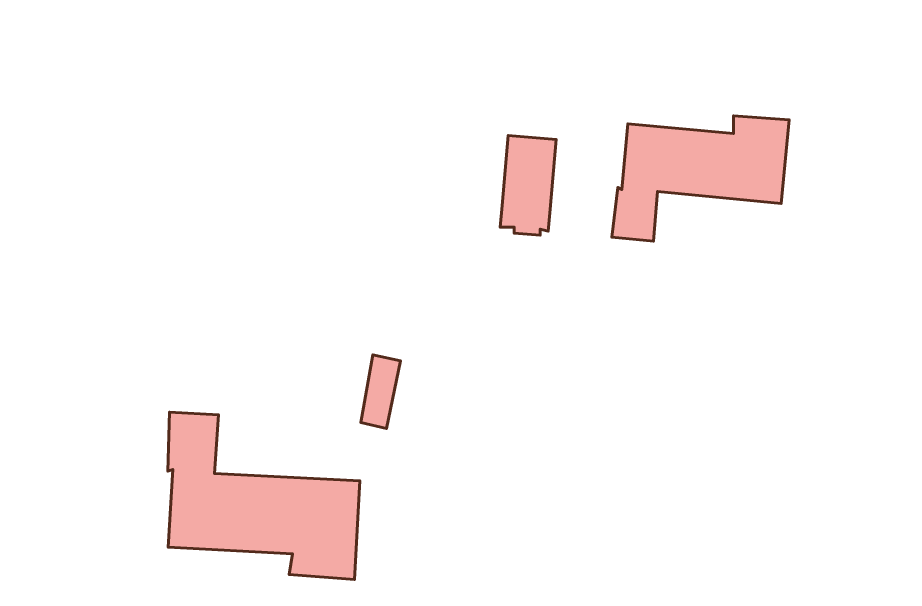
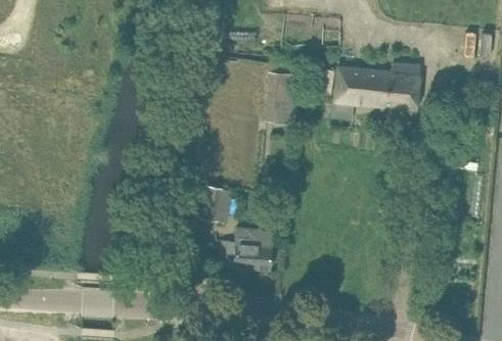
building: [168,412,360,580] -> none
building: none -> [221,227,273,269]

